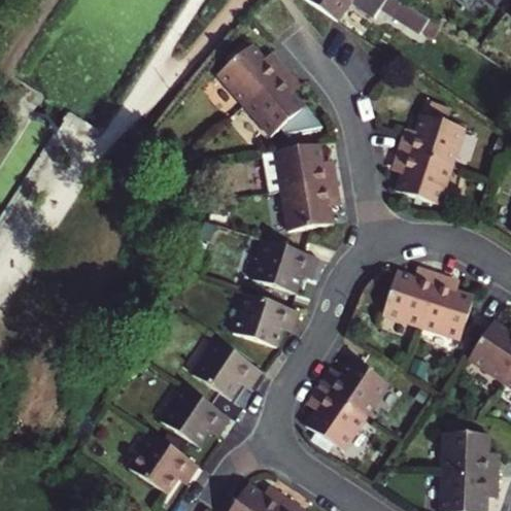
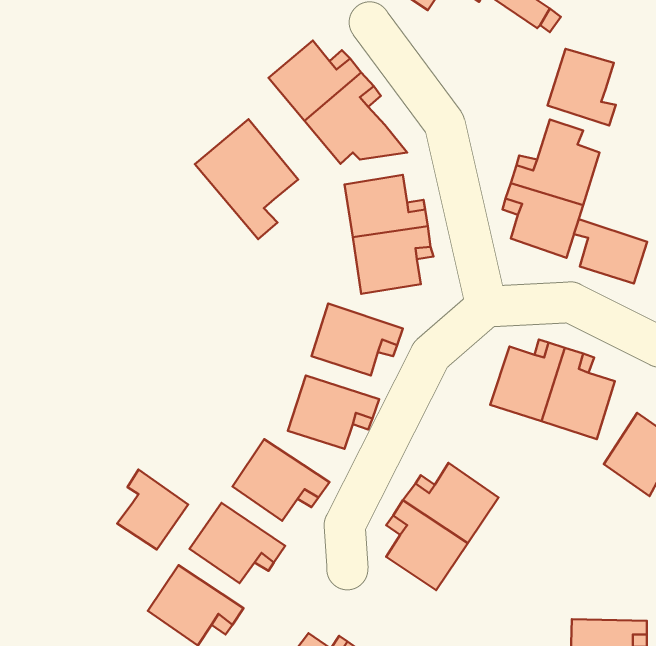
building: none -> [548,49,616,125]
building: none -> [195,119,298,239]
building: none -> [574,219,647,284]
building: none -> [117,469,188,550]
building: [444,437,501,475] -> none

